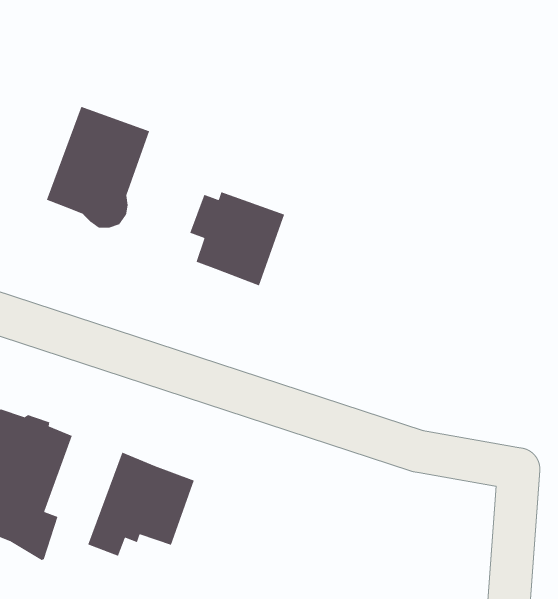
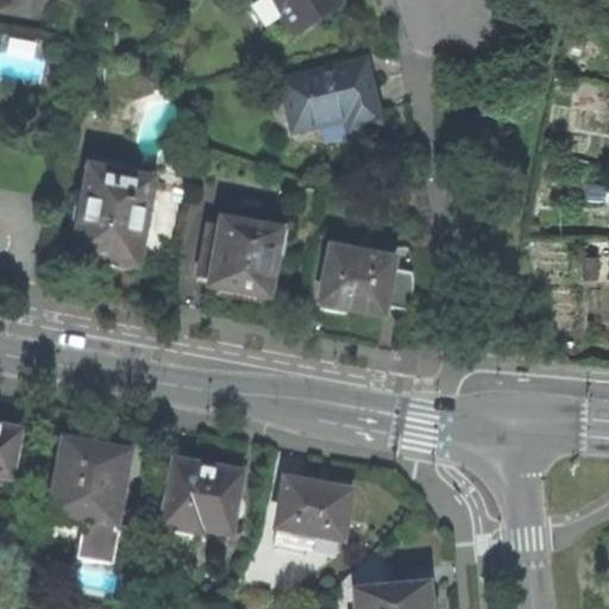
building: none -> [282,54,384,127]
building: none -> [321,245,414,313]
building: none -> [277,478,350,550]

